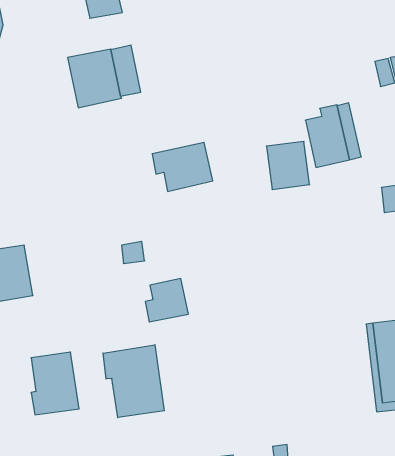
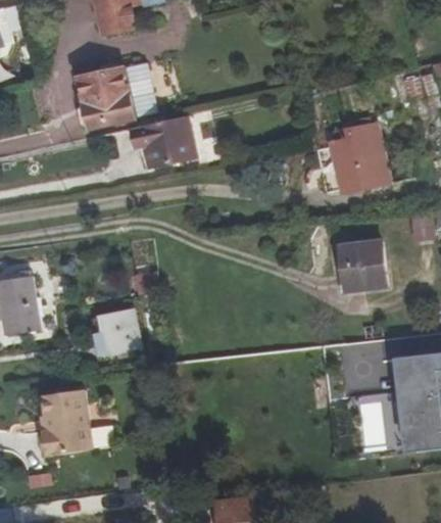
building: [266,141,310,189] -> [340,240,386,291]
building: [152,142,213,191] -> [133,115,197,168]
building: [145,279,188,322] -> [95,308,141,354]
building: [103,345,164,418] -> none

